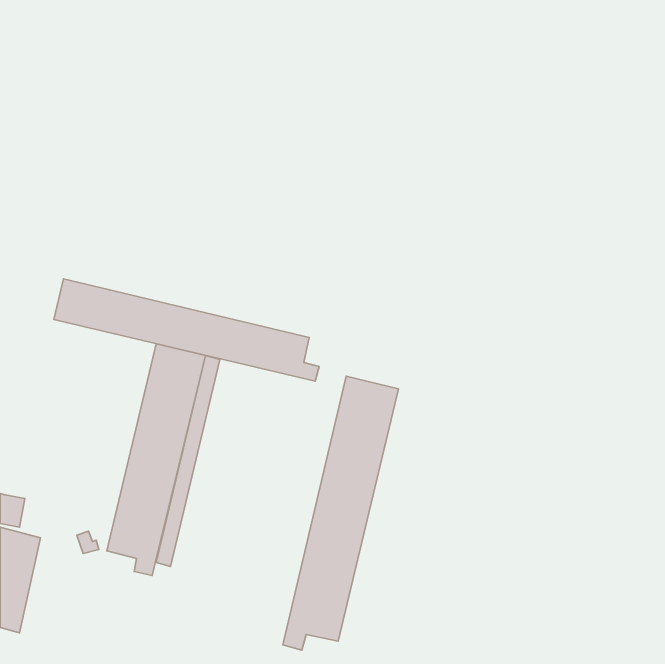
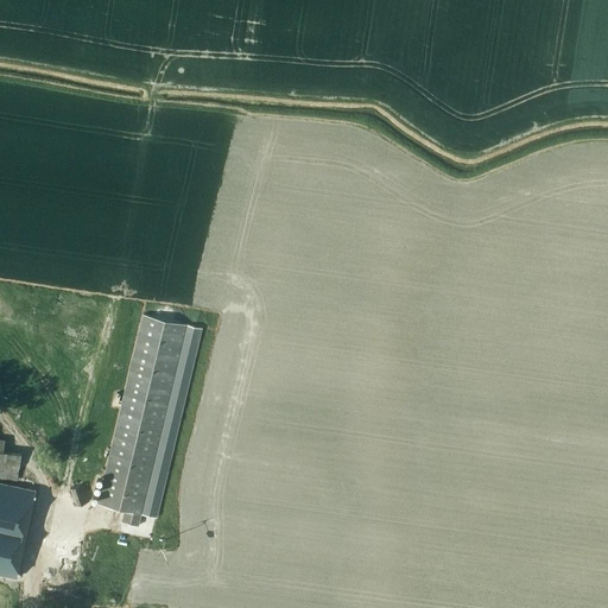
building: [54,279,319,381] -> none
building: [283,376,398,650] -> none

